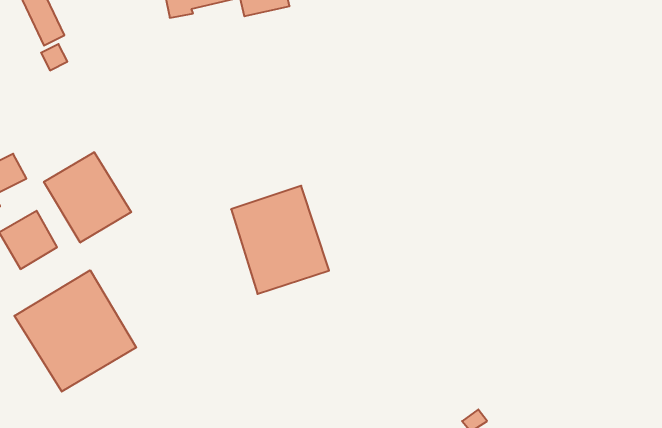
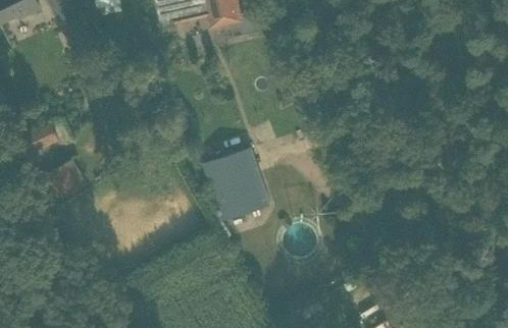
building: [44,152,131,243] -> none
building: [14,270,136,392] -> none

